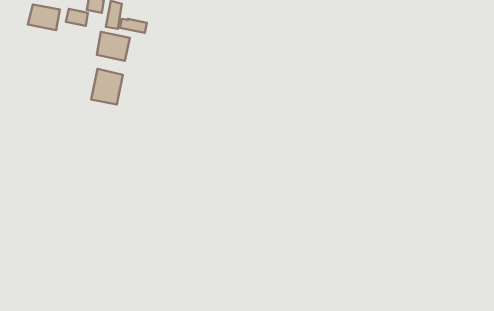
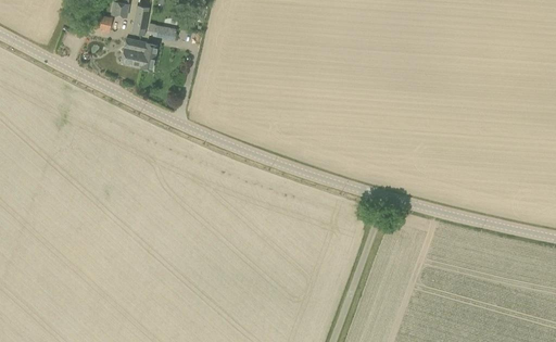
building: [28,4,60,30] -> none
building: [91,69,123,105] -> none

